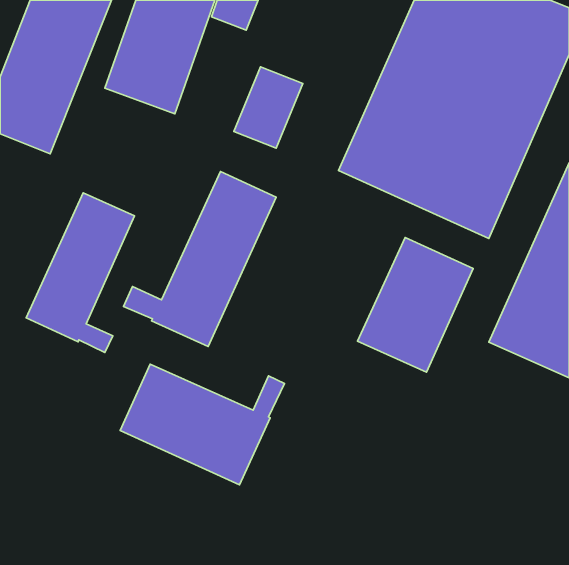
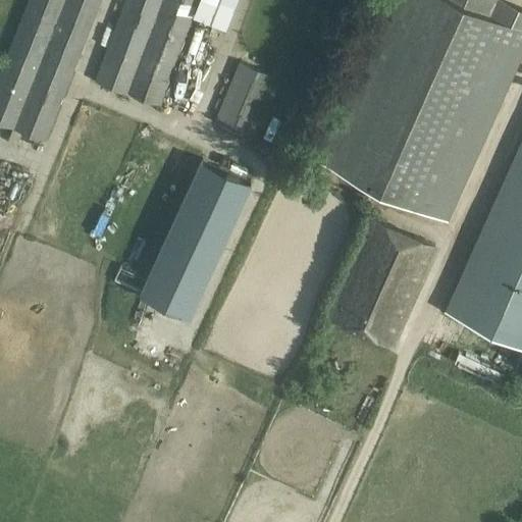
building: [26,193,134,353] -> none
building: [120,364,284,485] -> none

